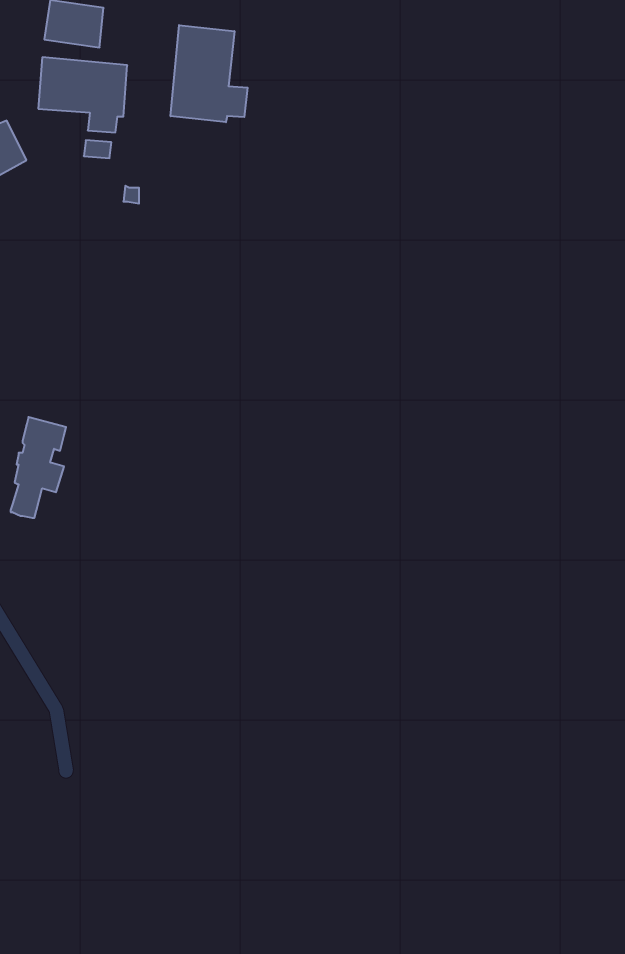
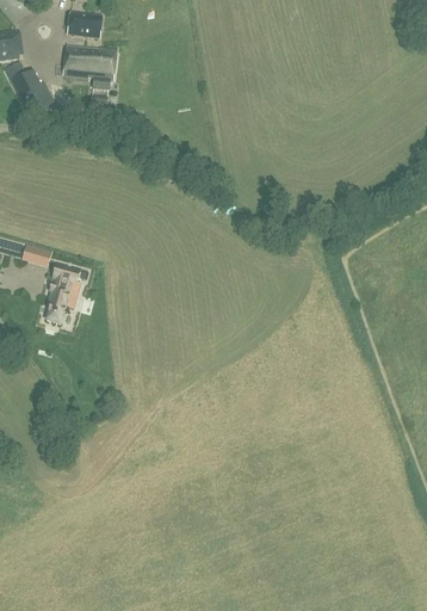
building: [171,25,248,122] -> none

